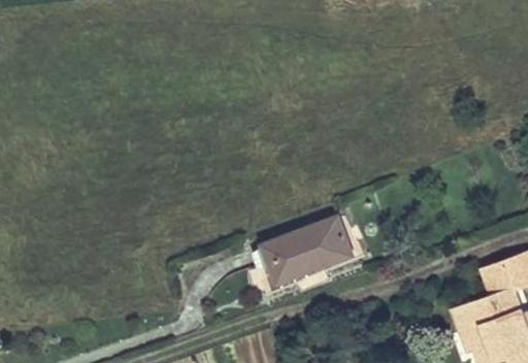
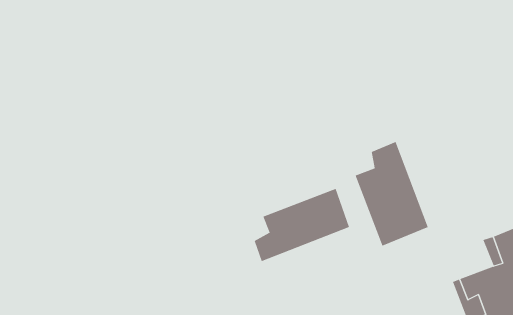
building: none -> [355,141,428,246]

